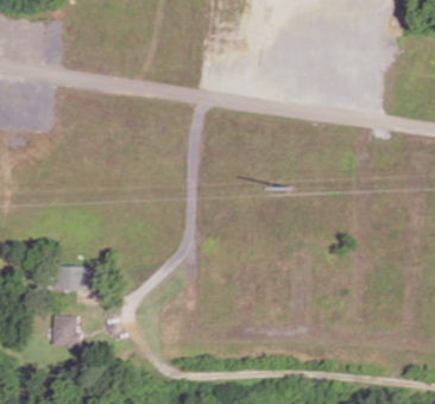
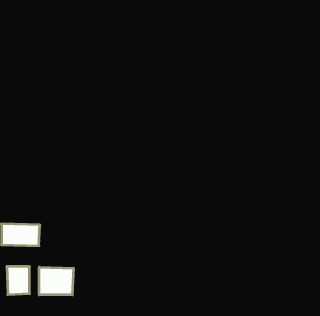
building: none -> [39,267,74,295]

